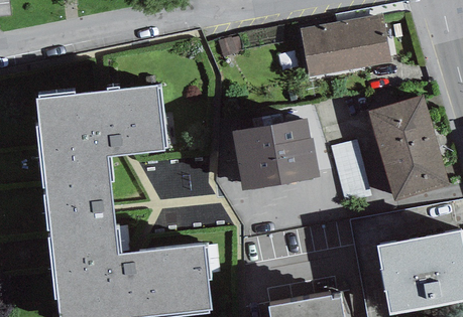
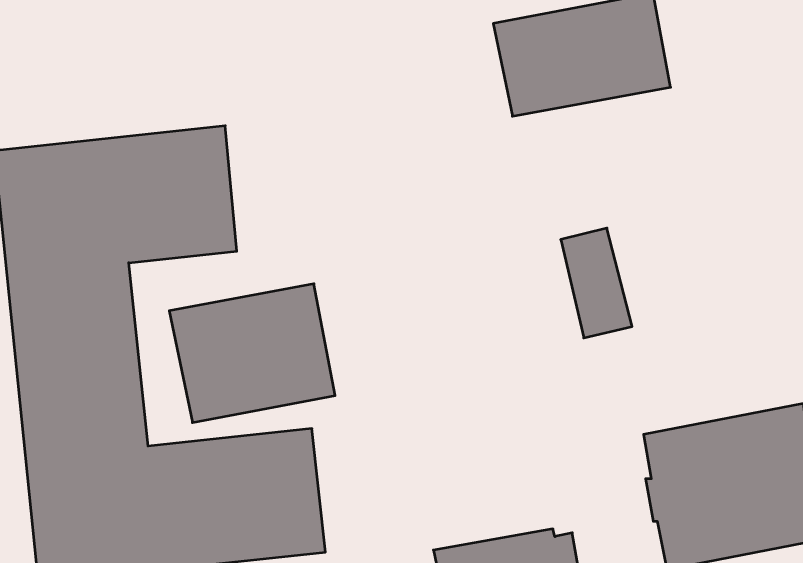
building: [367,97,449,201] -> none
building: [230,117,317,189] -> [169,284,335,423]

